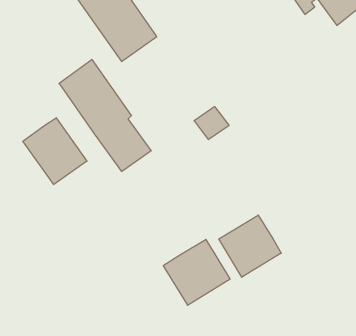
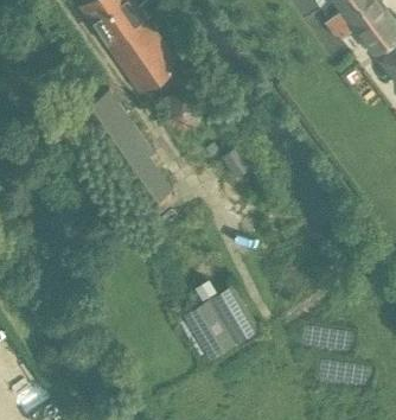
building: [23,118,87,185] -> none
building: [219,215,281,277] -> none

